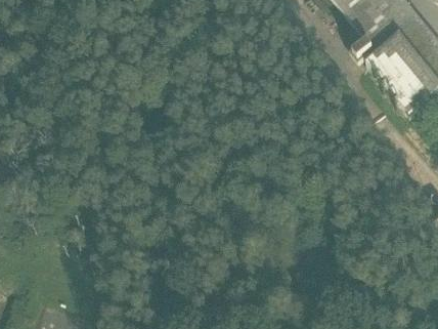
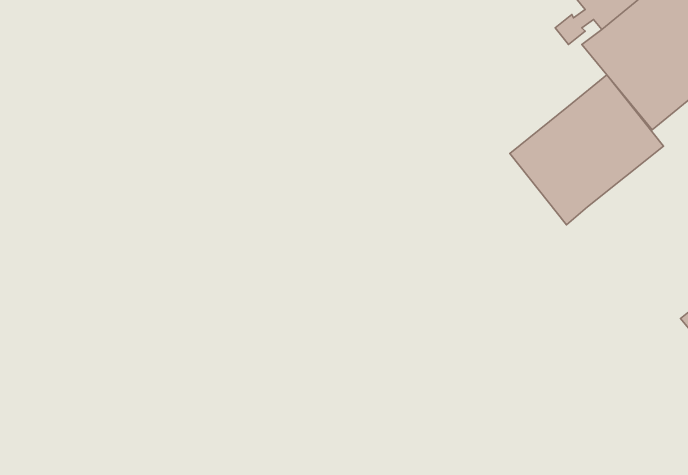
building: none -> [510,75,663,225]

